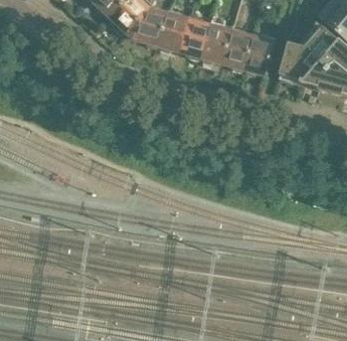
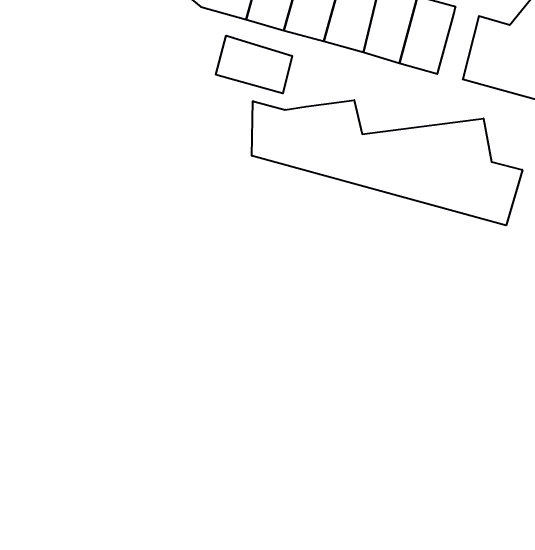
building: none -> [216,36,292,93]
building: none -> [252,100,522,225]

